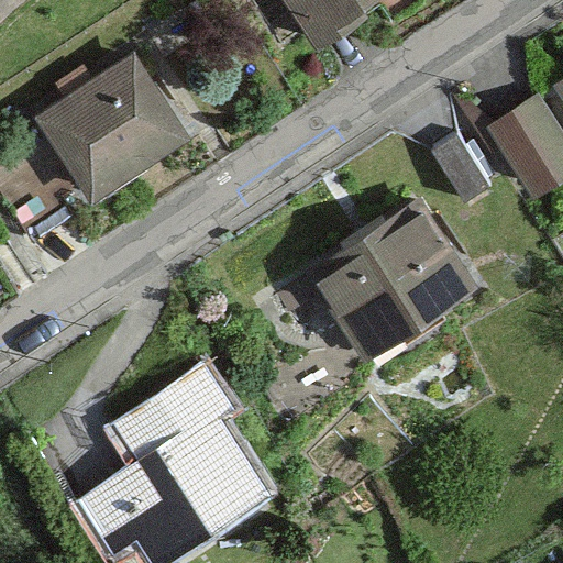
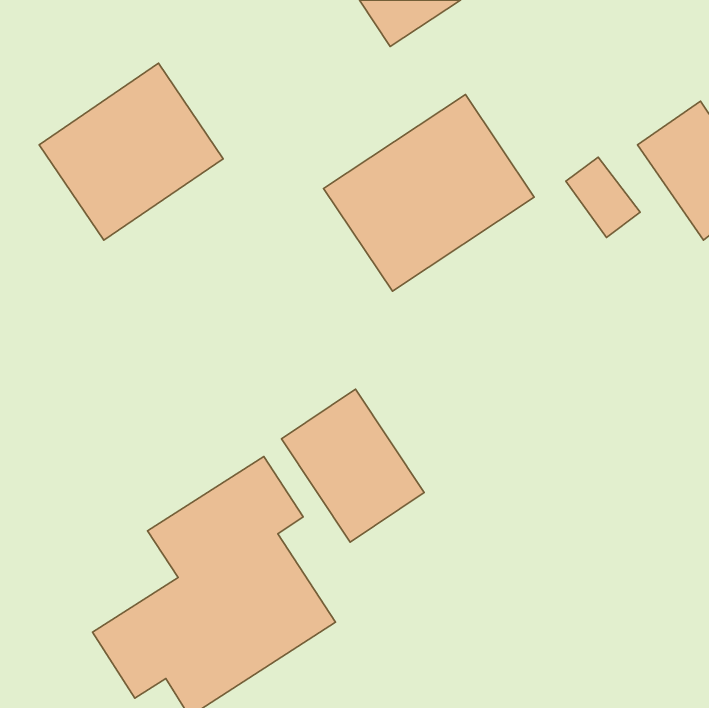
building: [307,200,472,354] -> [324,94,534,291]
building: none -> [282,389,424,542]

